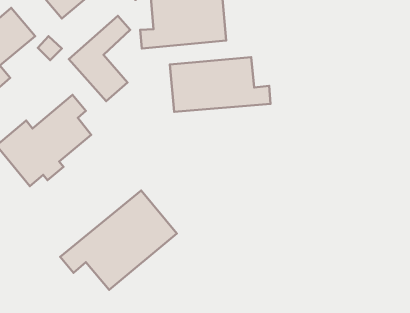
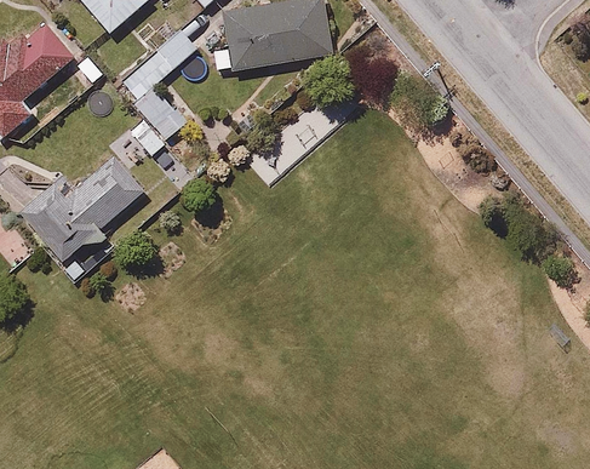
building: [170,57,271,112] -> none
building: [60,190,177,290] -> none

